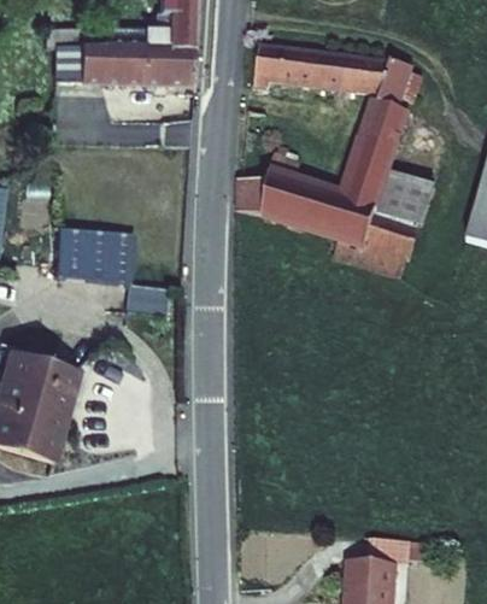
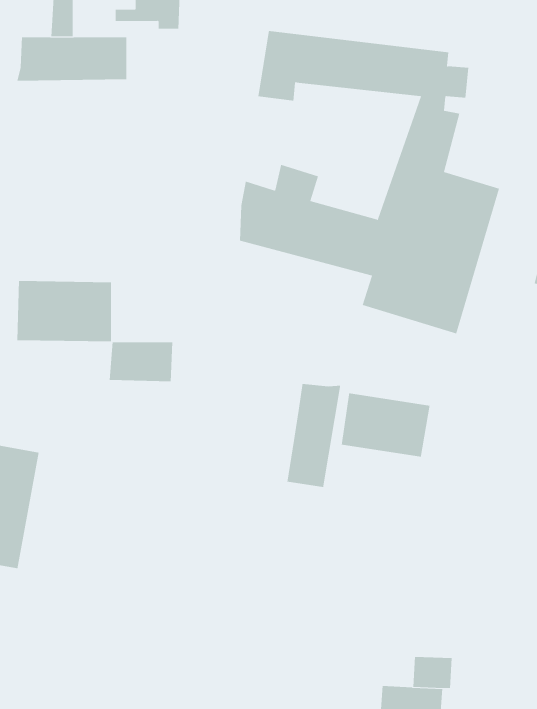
building: [113,24,189,80] -> none
building: none -> [287,383,341,488]
building: none -> [341,393,430,458]

